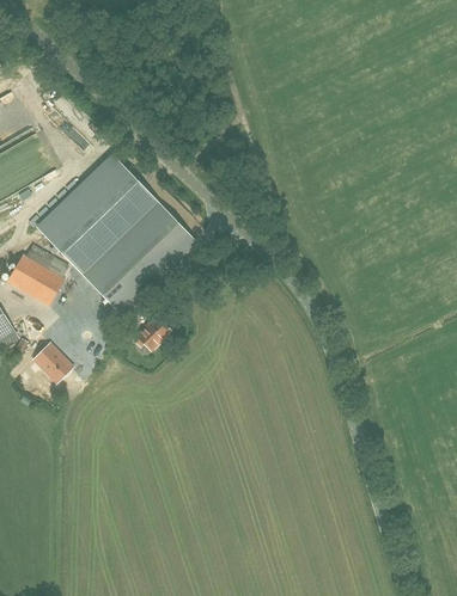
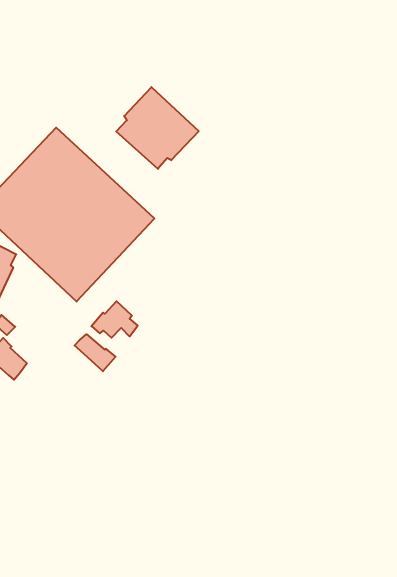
building: none -> [116,87,199,169]
building: none -> [75,334,116,371]

